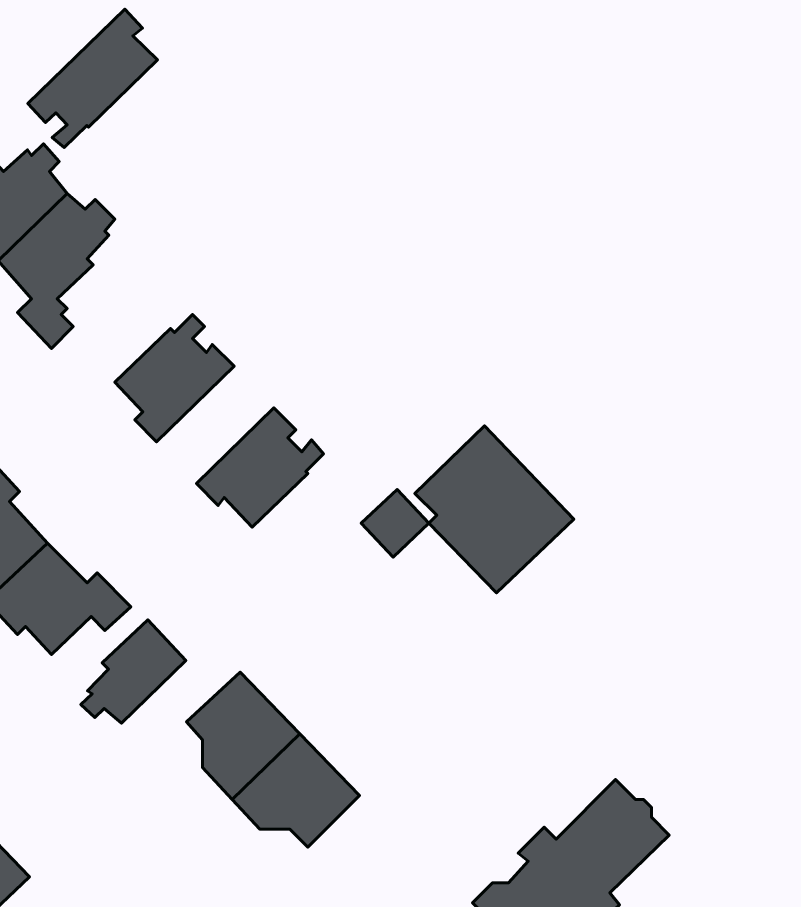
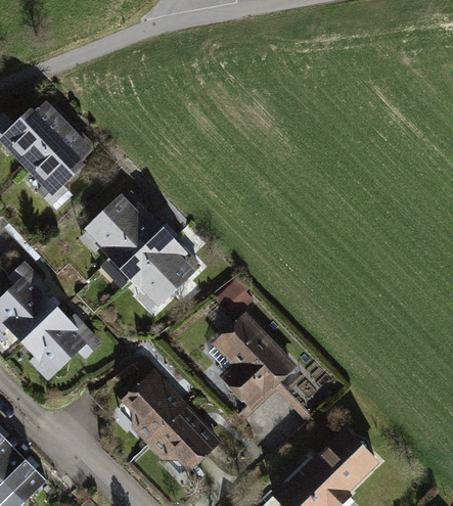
building: [28,9,158,147] -> none
building: none -> [110,219,171,279]
building: [415,426,574,593] -> [209,318,290,404]
building: [81,620,186,723] -> none

